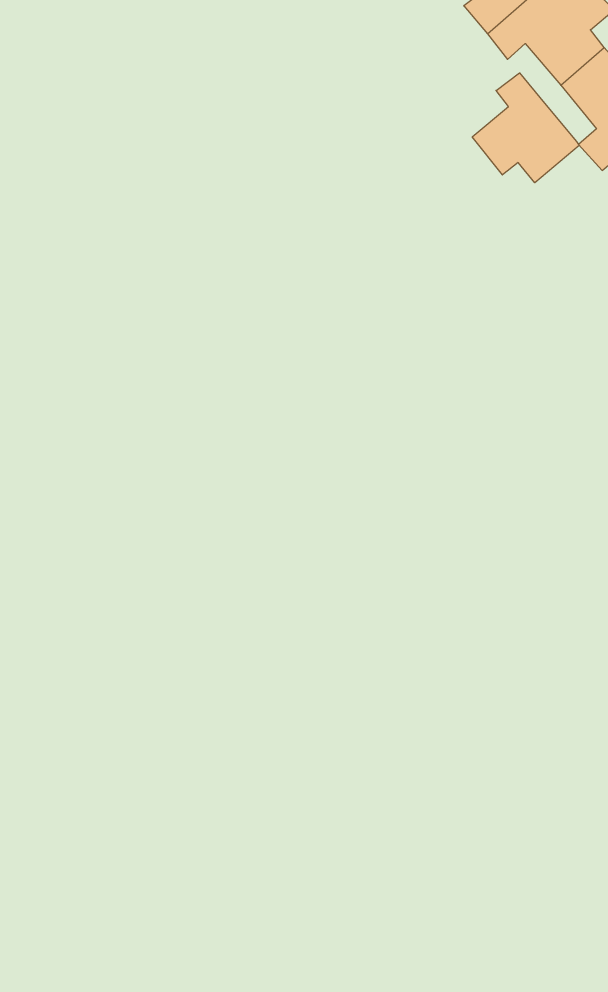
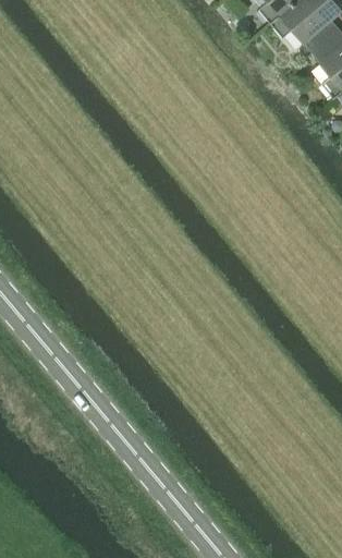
building: [472,73,579,183] -> none

